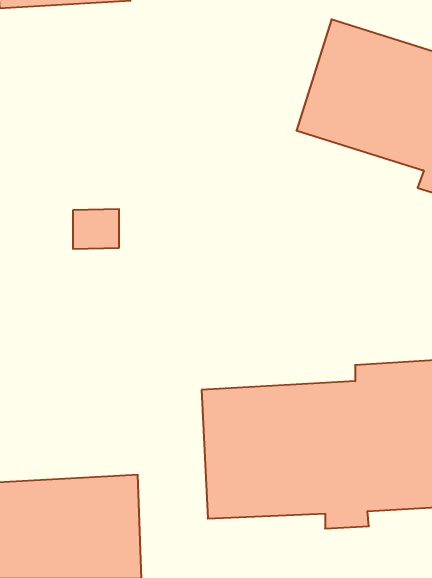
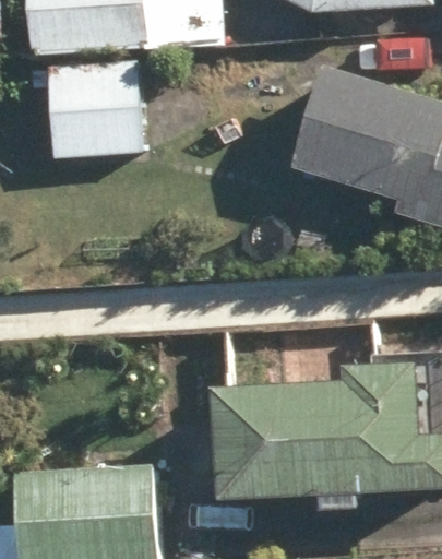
building: none -> [48,61,146,159]

